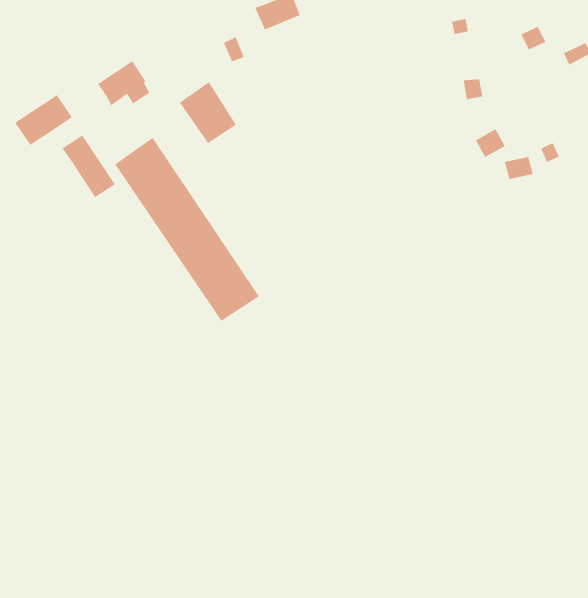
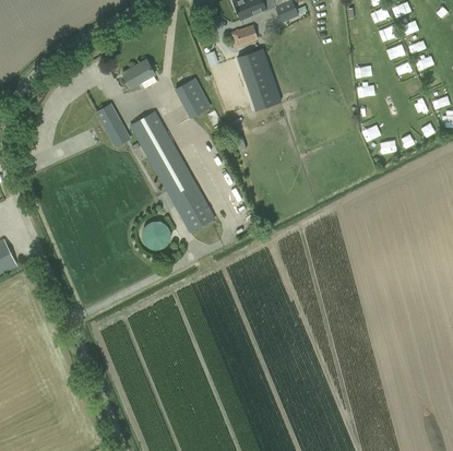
building: none -> [237,48,281,110]
building: [14,94,73,146] -> none
building: none -> [139,219,171,251]

